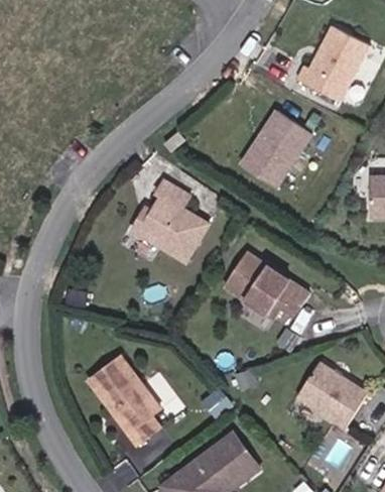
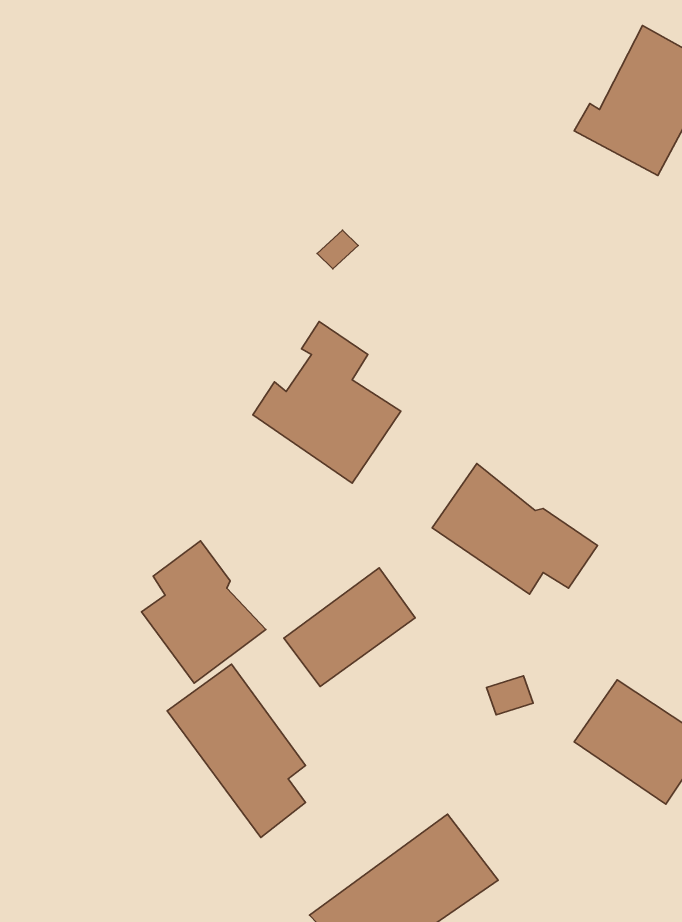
building: [240,110,311,188] -> none
building: none -> [141,541,266,683]
building: none -> [284,568,415,686]

